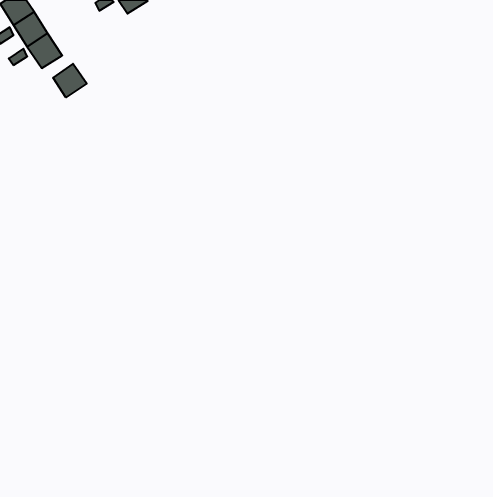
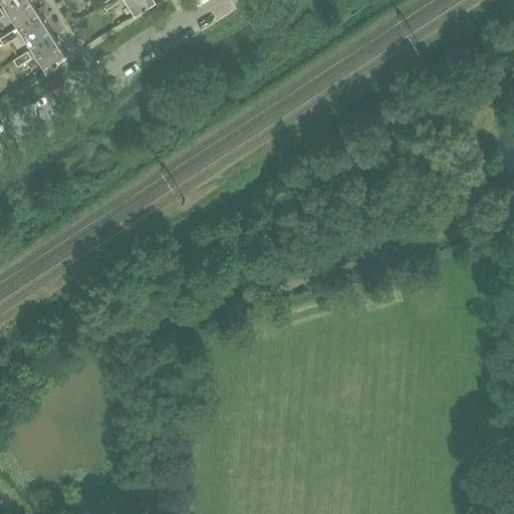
building: [53,64,87,97] -> none

